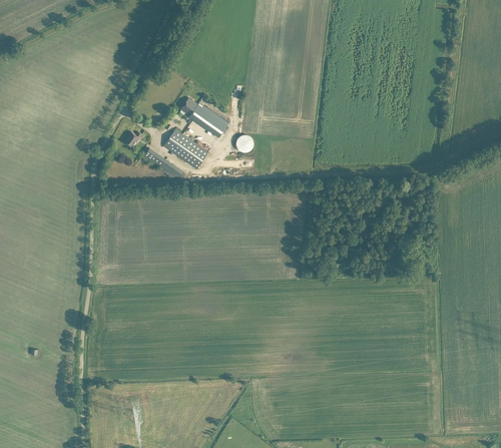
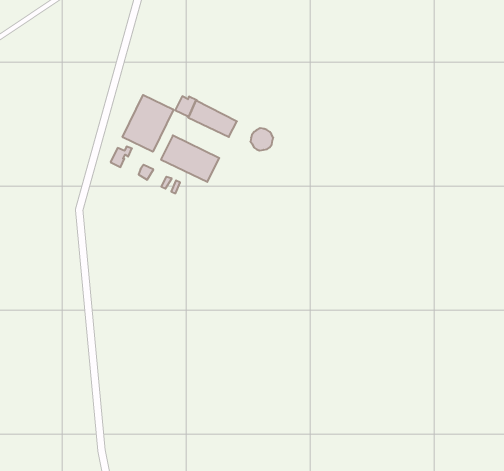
building: none -> [123,95,173,152]

